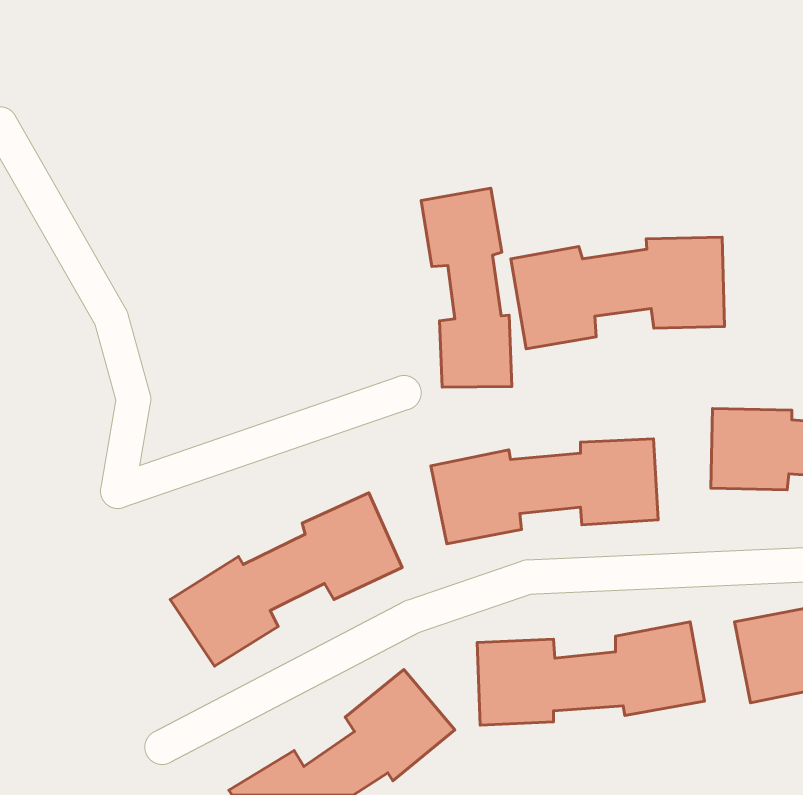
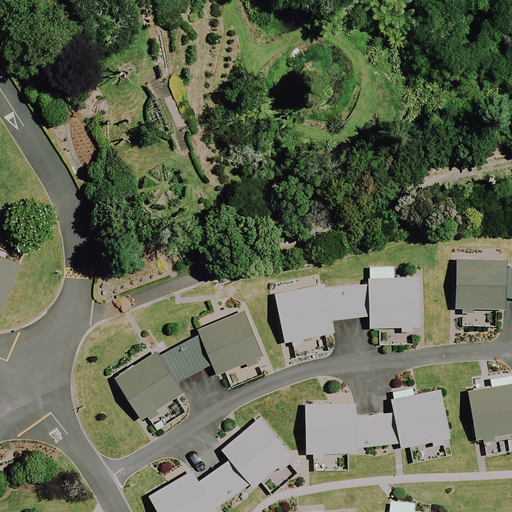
building: [421,188,512,387] -> none
building: [511,237,724,349] -> none

